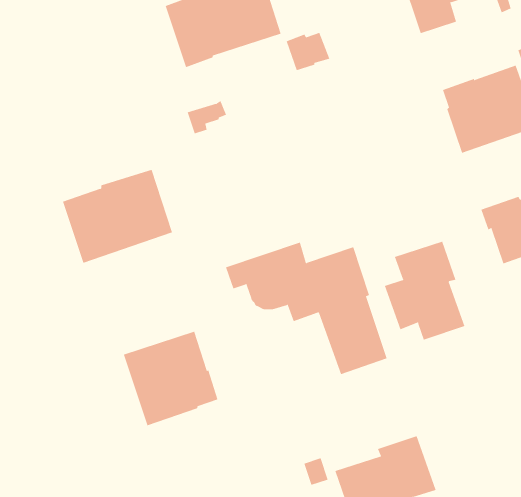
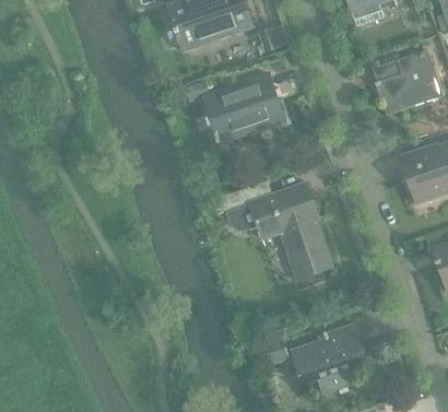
building: [62,169,173,264] -> [203,73,285,143]
building: [384,241,465,341] -> none
building: [123,331,218,426] -> none

